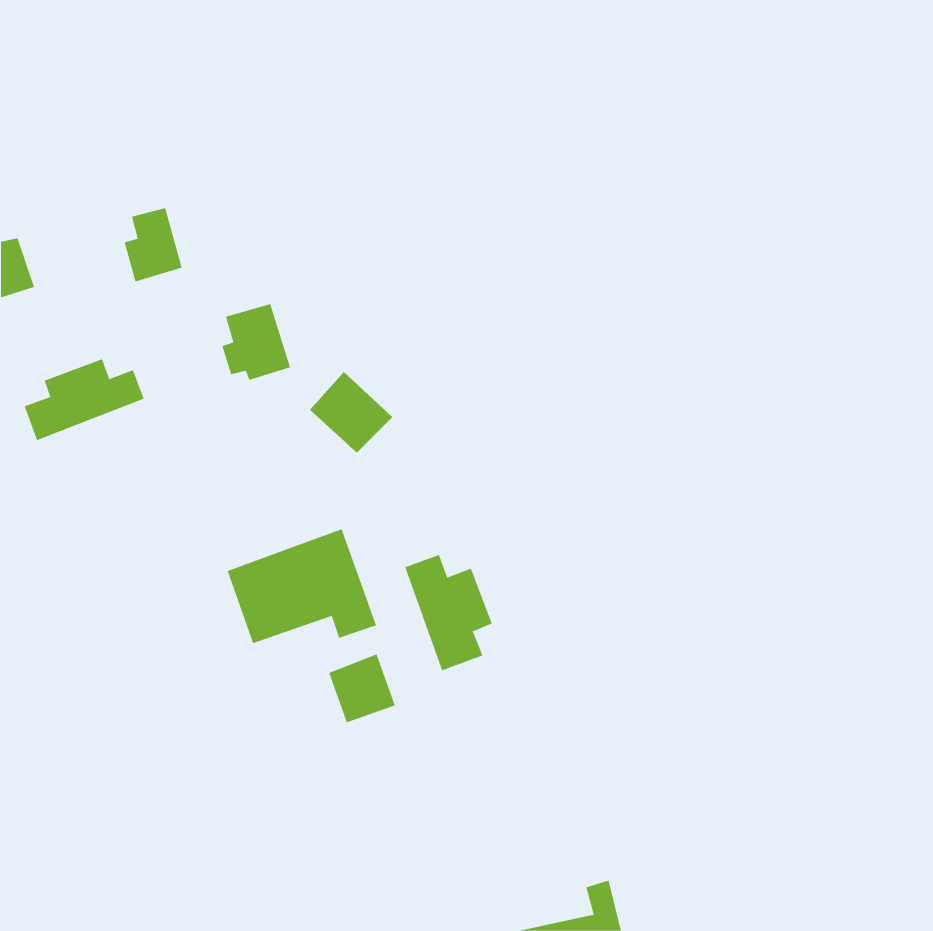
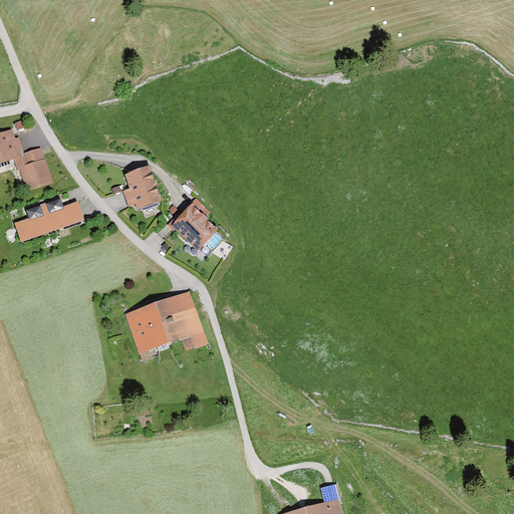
building: [124,207,182,282] -> [19,148,51,189]
building: [405,554,492,671] -> none
building: [328,653,396,723] -> none

